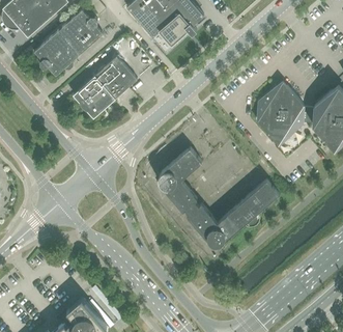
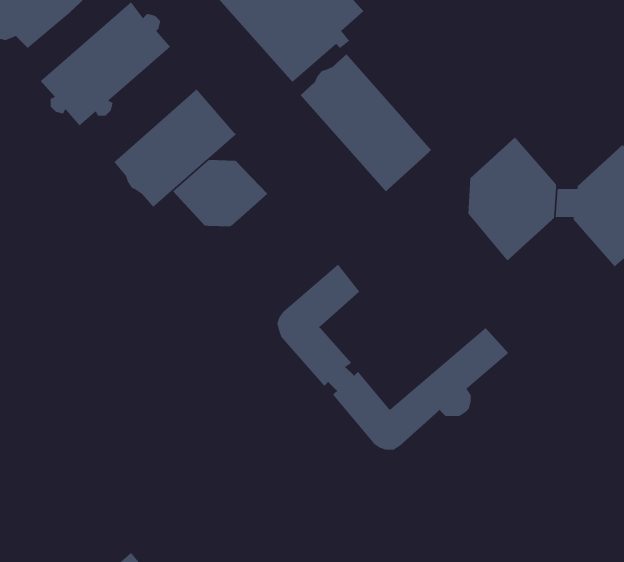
building: none -> [300,53,432,192]
building: none -> [172,159,268,227]

